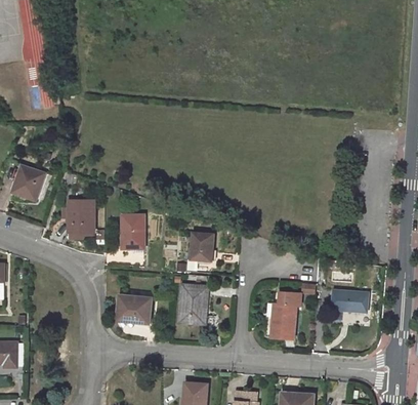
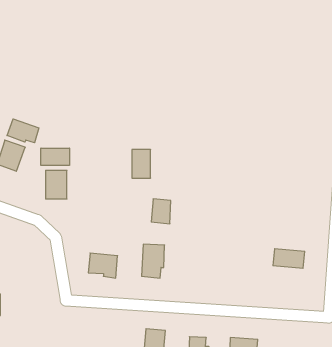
building: none -> [7,119,39,143]
building: none -> [41,148,69,165]
building: [122,215,143,248] -> [132,150,151,178]
building: [267,292,300,339] -> none

